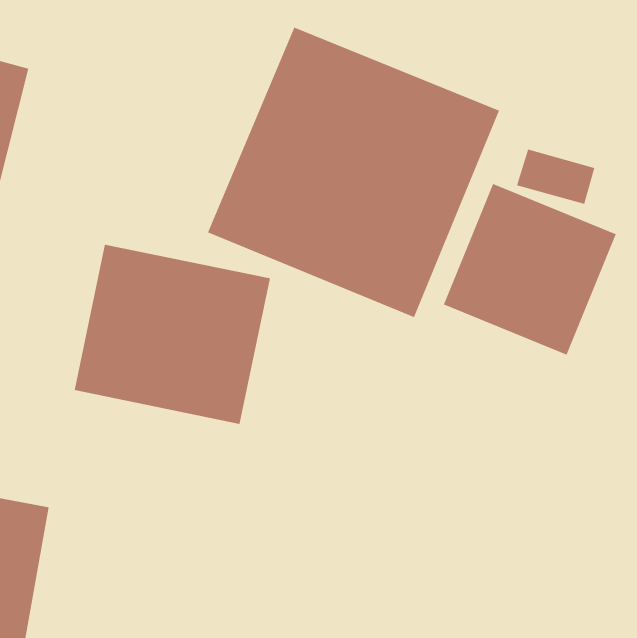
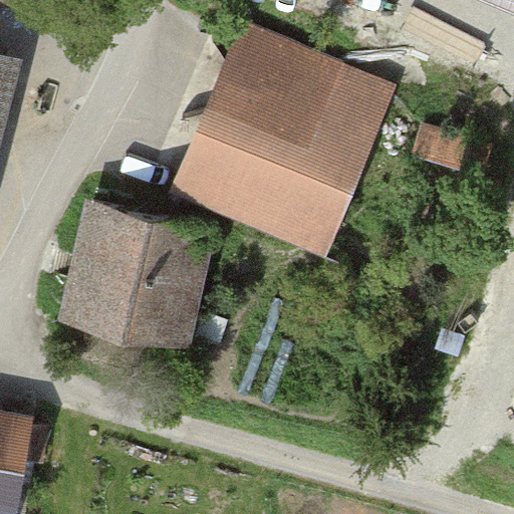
building: [443,183,617,356] -> none

